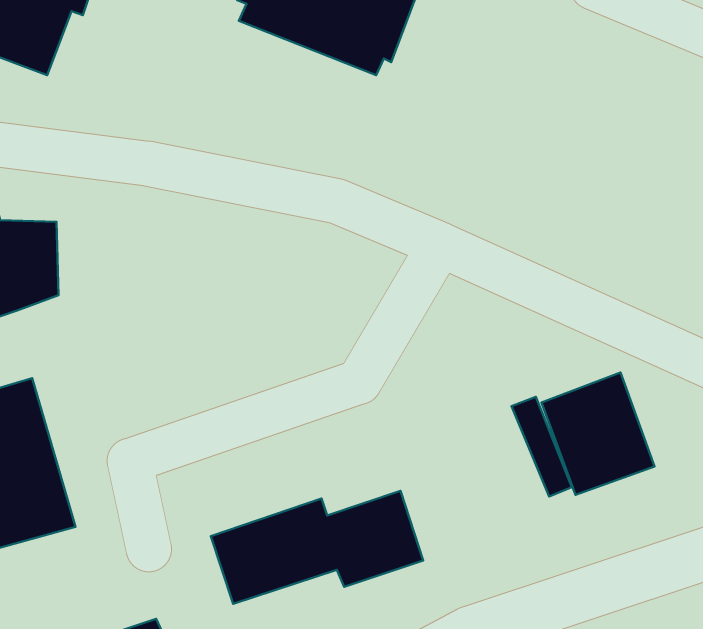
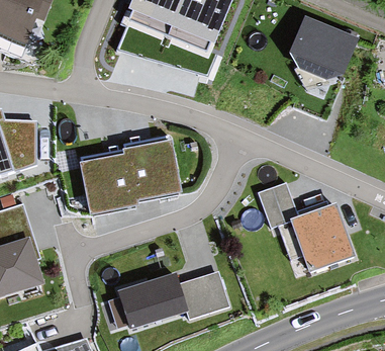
building: none -> [290,16,357,78]
building: none -> [84,143,178,212]
building: none -> [258,177,298,220]

